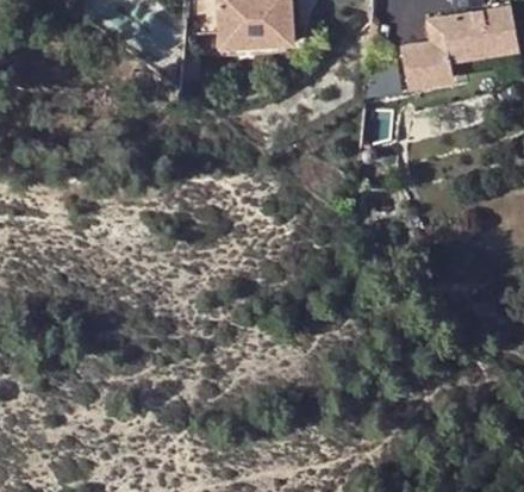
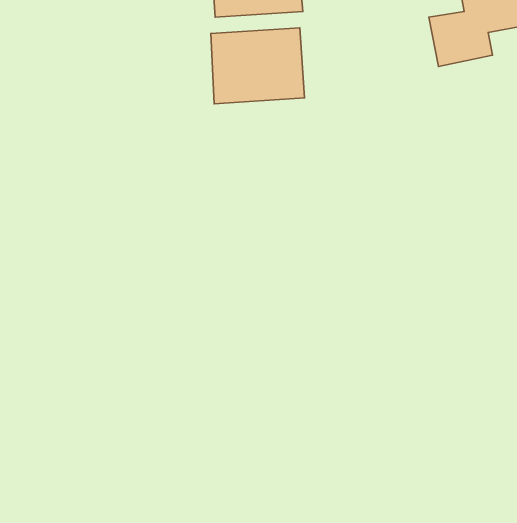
building: none -> [211,28,304,104]

